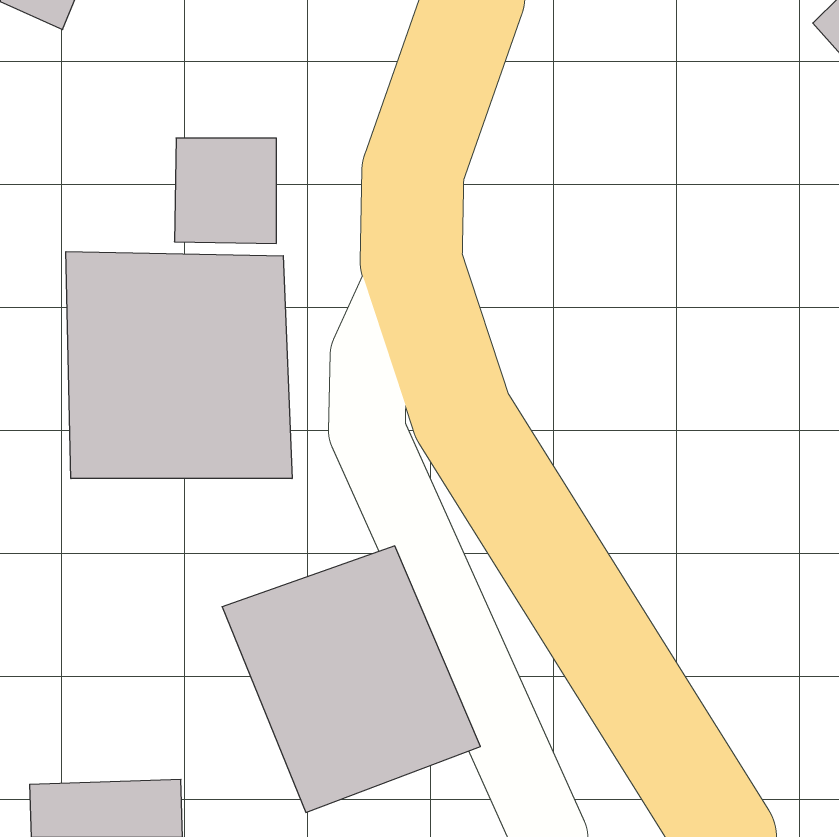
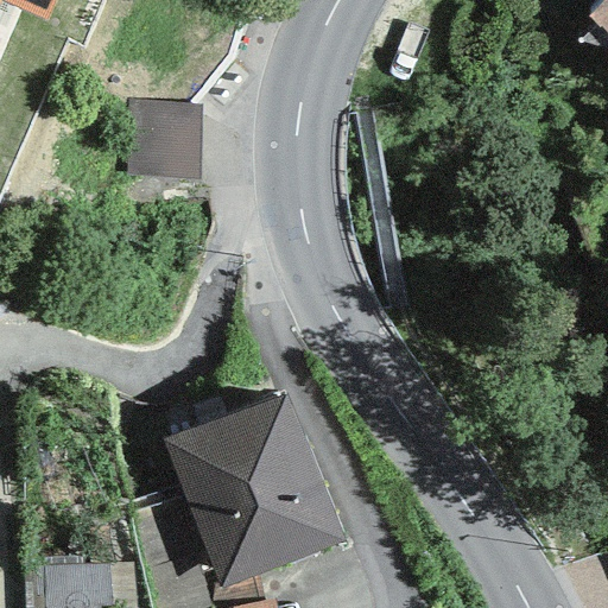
building: [66,252,292,479] -> none

